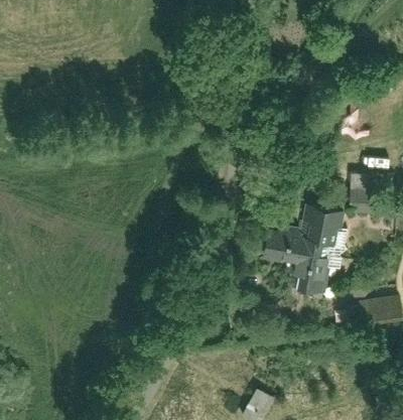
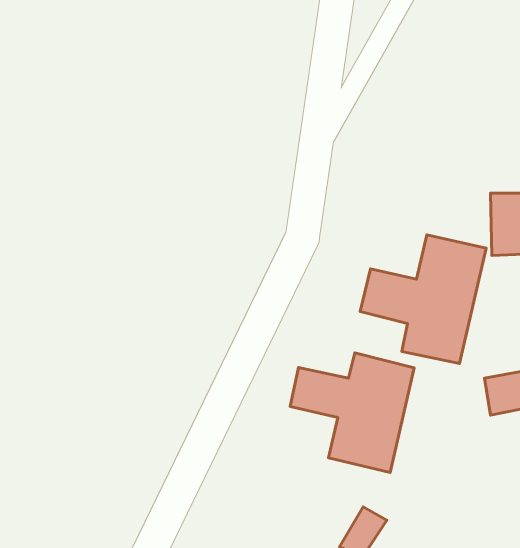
building: none -> [290,353,414,472]

